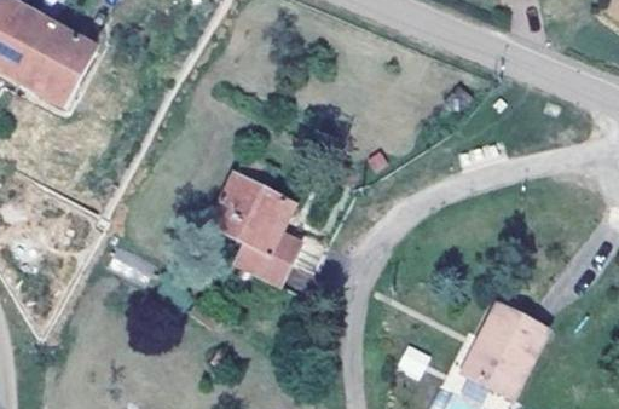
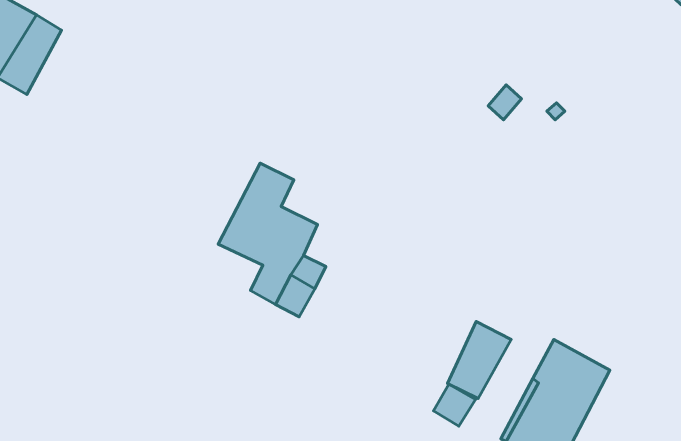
building: [44,35,97,103] -> none
building: none -> [448,321,511,399]

